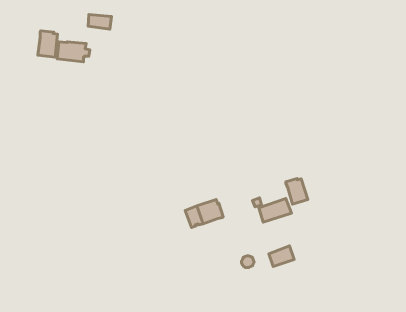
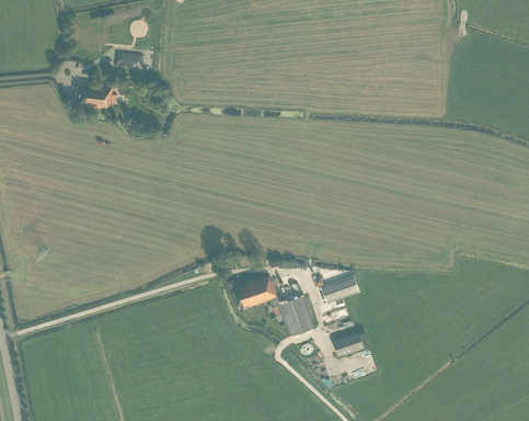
building: [38,31,58,57] -> none
building: [286,178,308,204] -> none
building: none -> [272,294,314,335]

